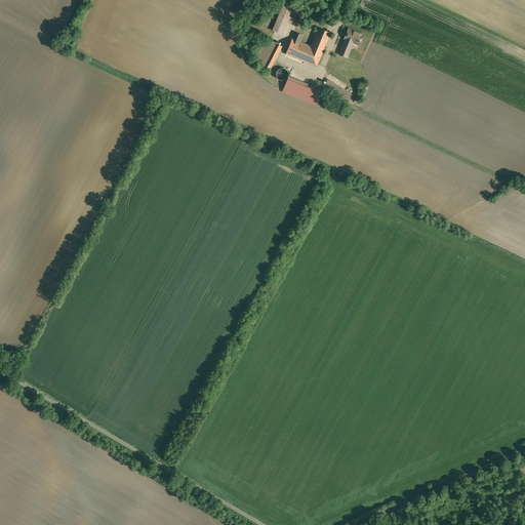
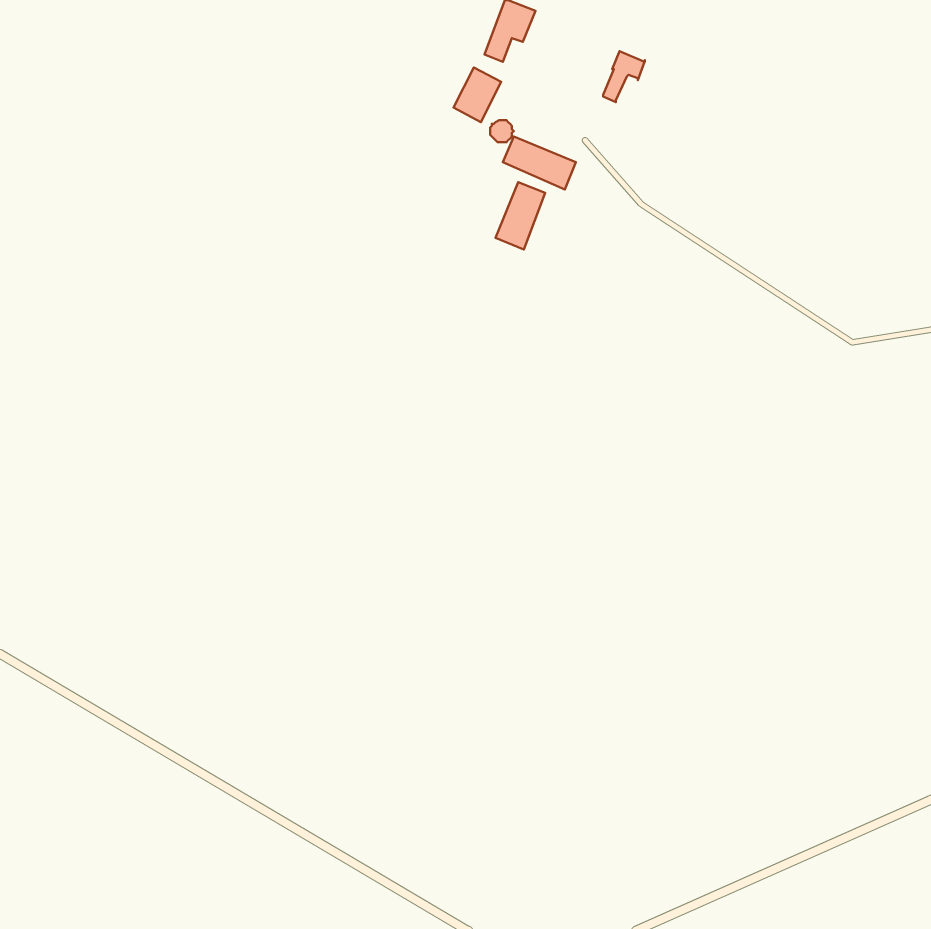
building: [286,29,330,67] -> none
building: none -> [495,182,545,250]

